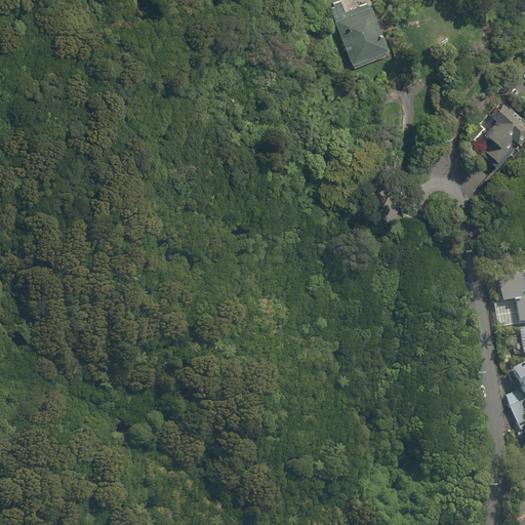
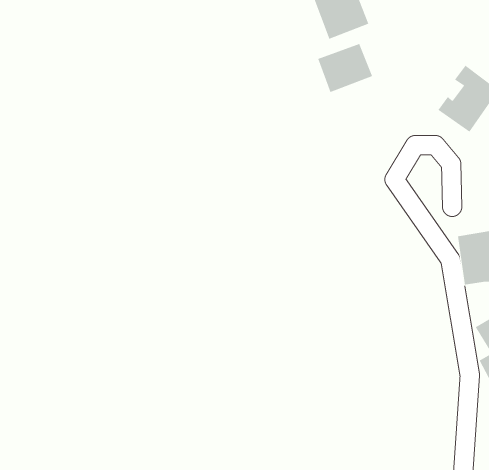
building: none -> [318,43,373,93]

